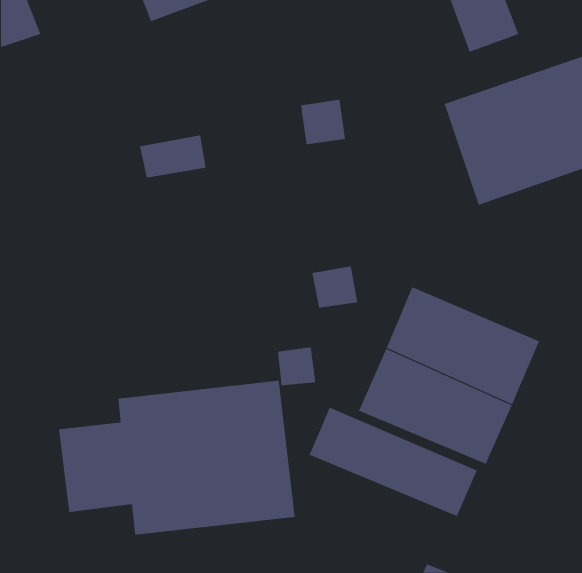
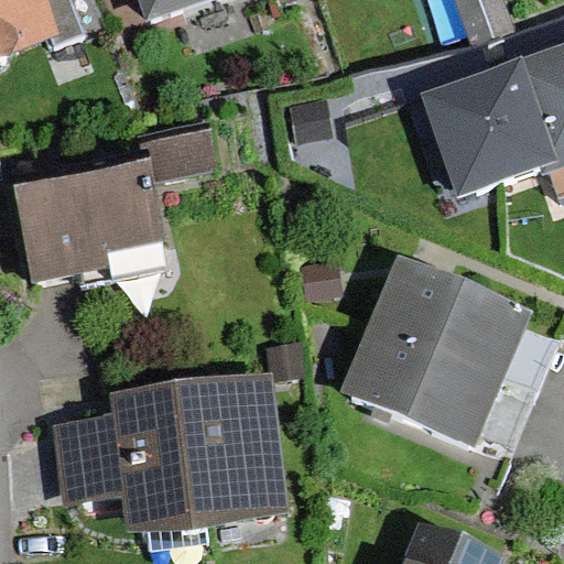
building: none -> [8,165,149,290]
building: [309,407,477,517] -> none

